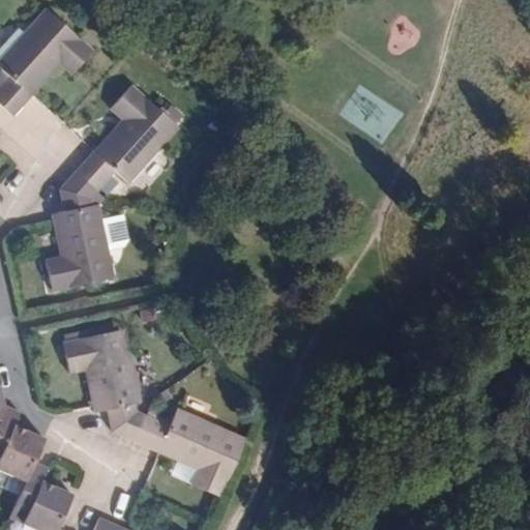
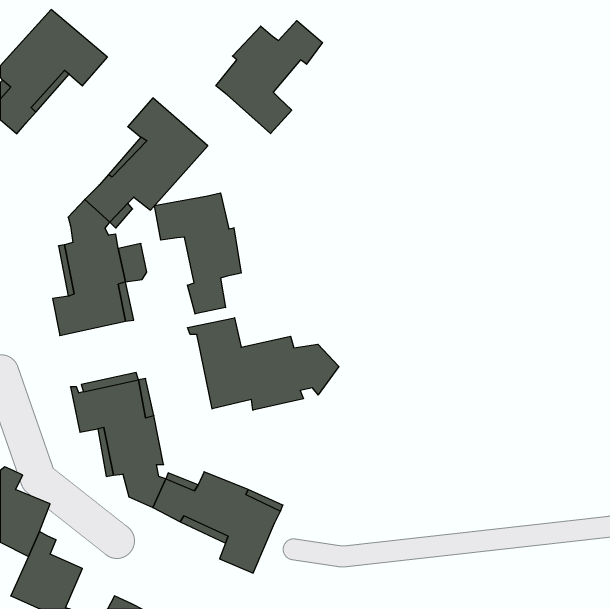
building: none -> [216,21,322,134]
building: none -> [154,193,241,314]
building: none -> [188,318,339,410]

